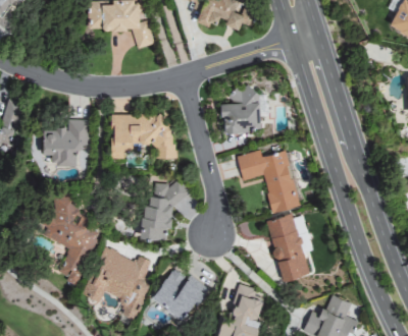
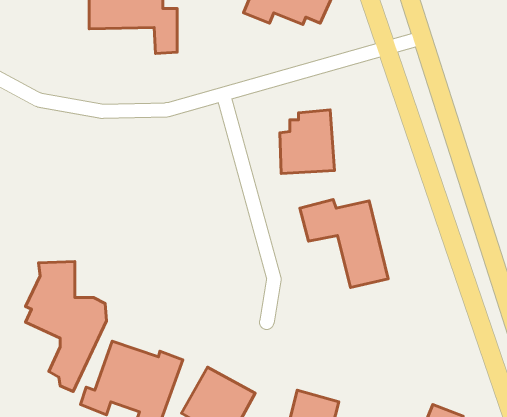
building: [110,115,171,159] -> none
building: [43,120,89,166] -> none
building: [142,183,187,239] -> none
building: [266,215,308,281] -> none

